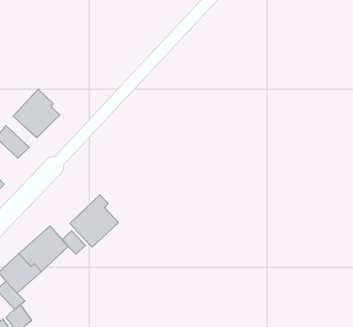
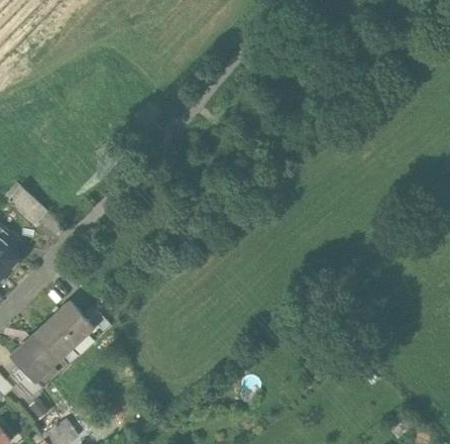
building: [13,89,60,138] -> none
building: [70,195,118,247] -> none

